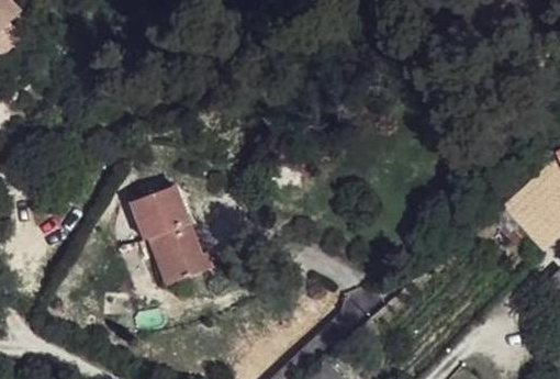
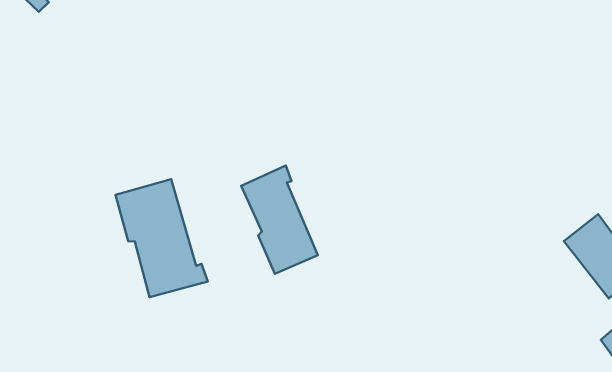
building: none -> [241,166,318,274]

